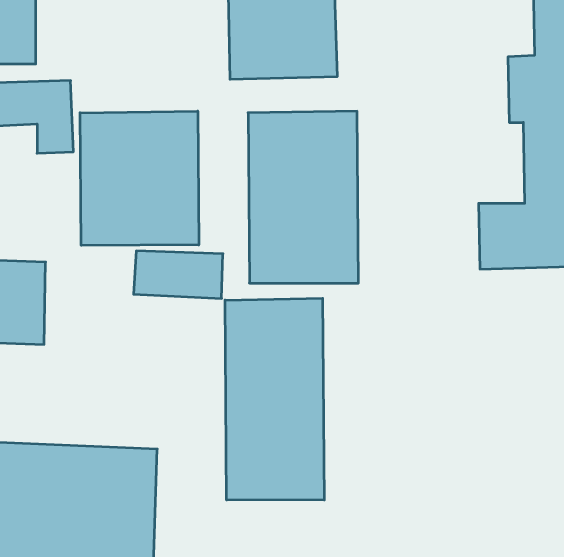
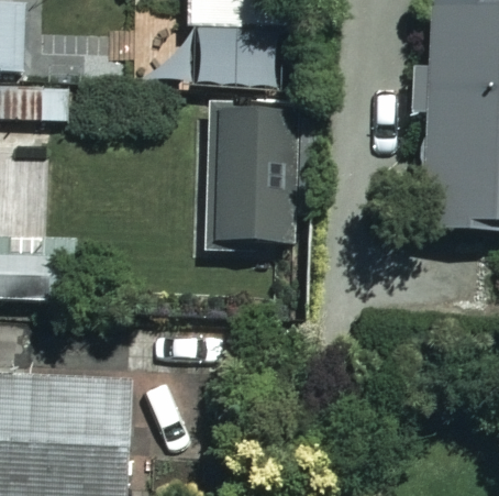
building: [80,111,199,245] -> none
building: [225,298,324,500] -> none

